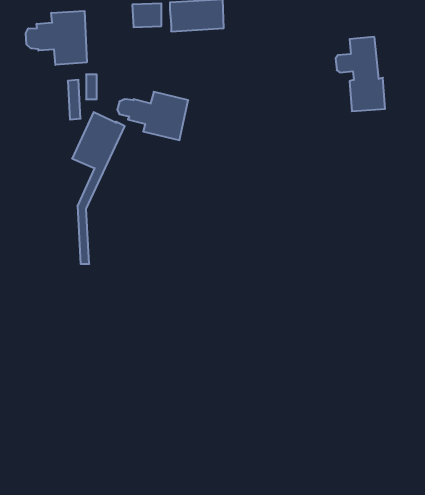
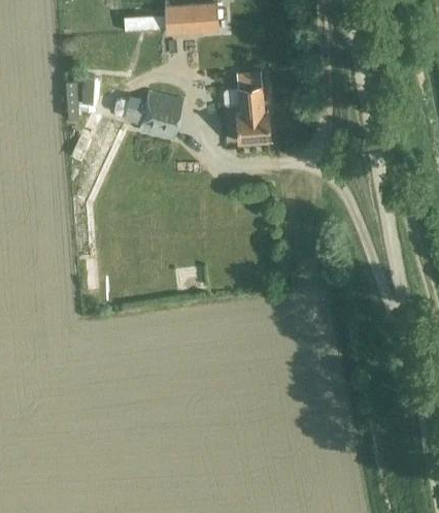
building: [26,11,87,65] -> none
building: [336,37,385,111] -> [224,71,271,142]

